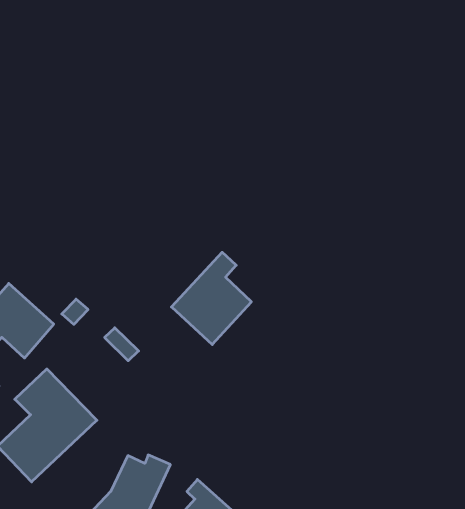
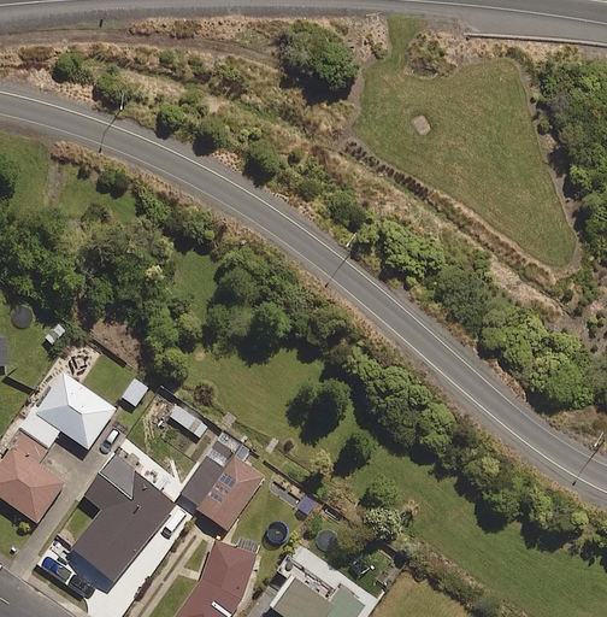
building: [171,252,251,345] -> [178,429,264,530]

